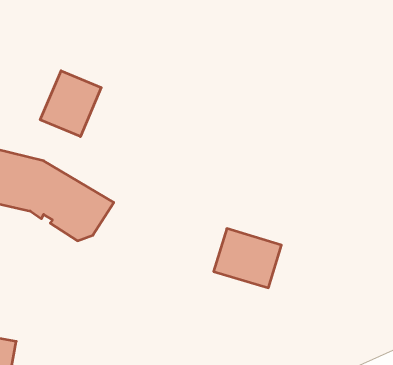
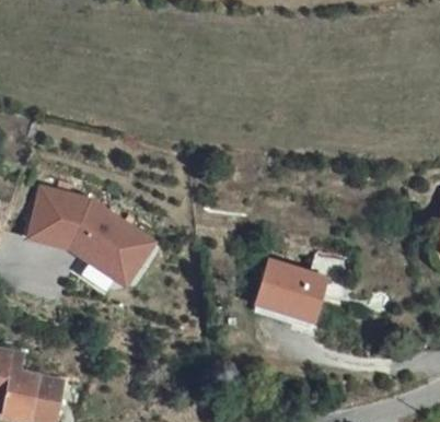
building: [40,71,101,137] -> none

